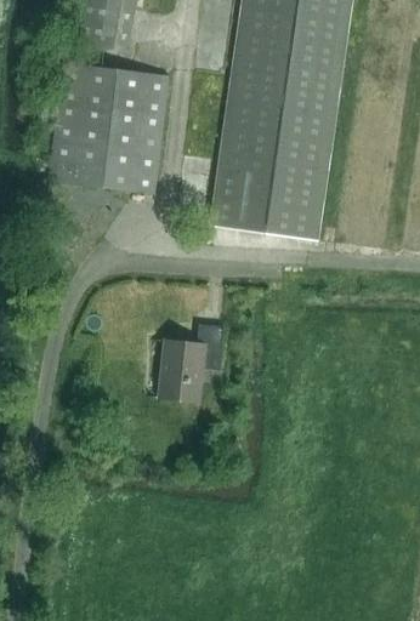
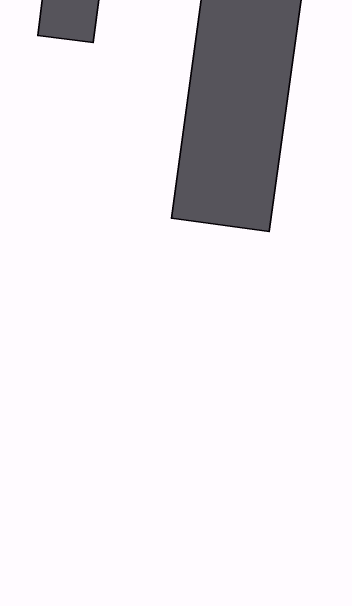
building: [49,63,170,193] -> none
building: [158,325,225,404] -> none

